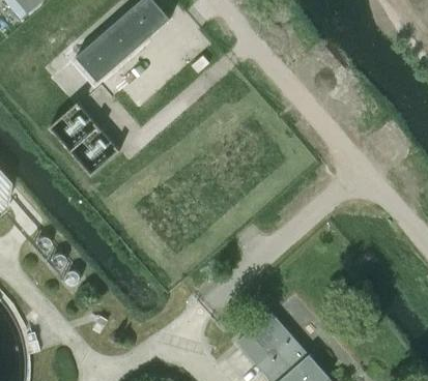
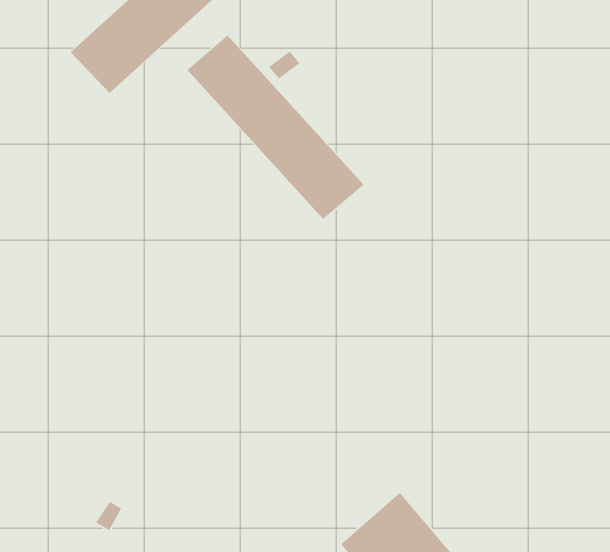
building: none -> [186,35,364,220]

